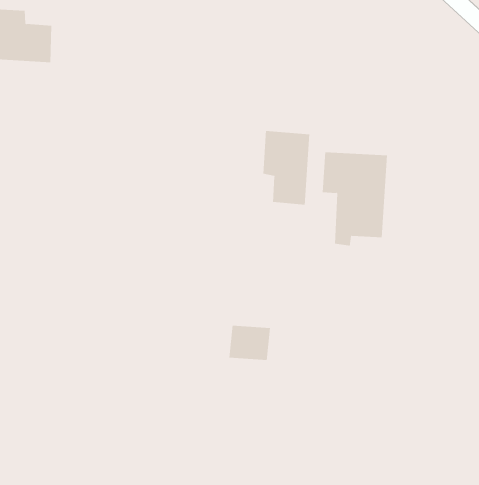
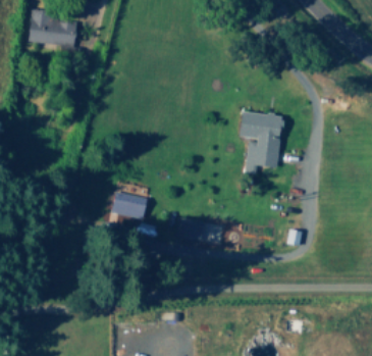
building: [263,130,310,206] -> none
building: none -> [115,194,144,213]

